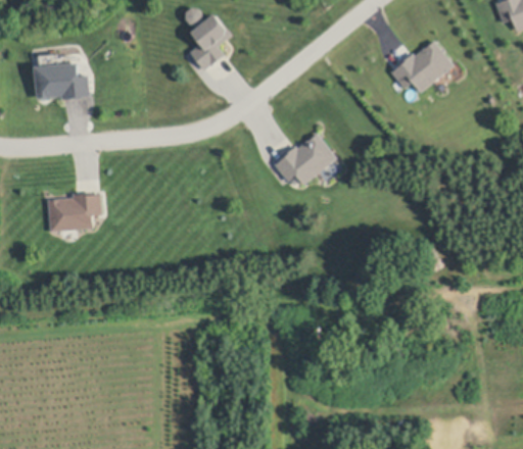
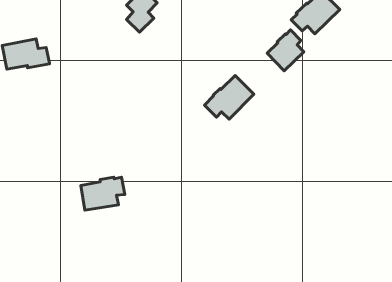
building: none -> [267,30,304,71]
building: [47,193,100,230] -> [81,177,125,210]

